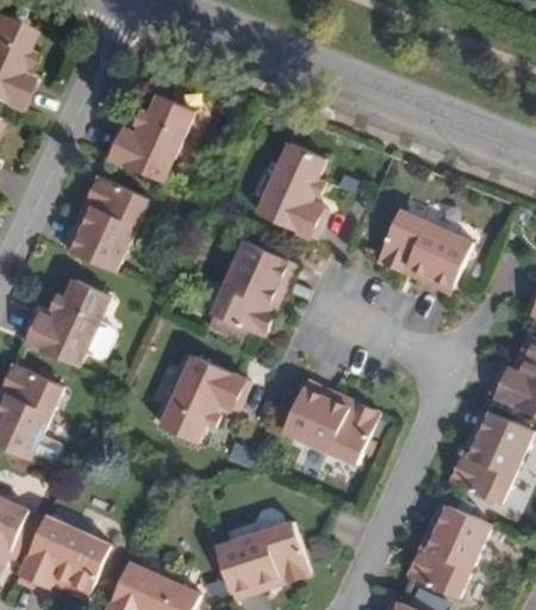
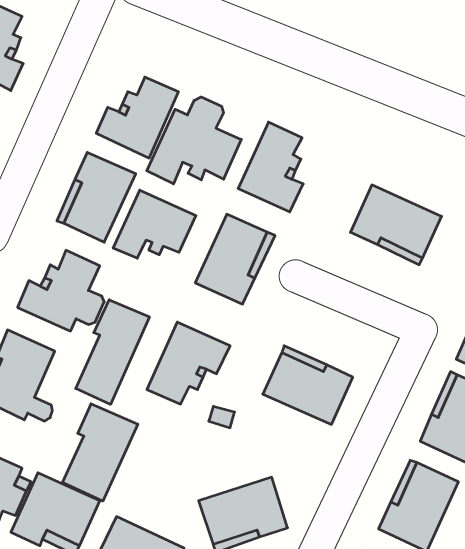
building: none -> [147,97,241,184]
building: none -> [113,190,196,258]
building: none -> [76,300,149,404]
building: none -> [63,404,138,501]

